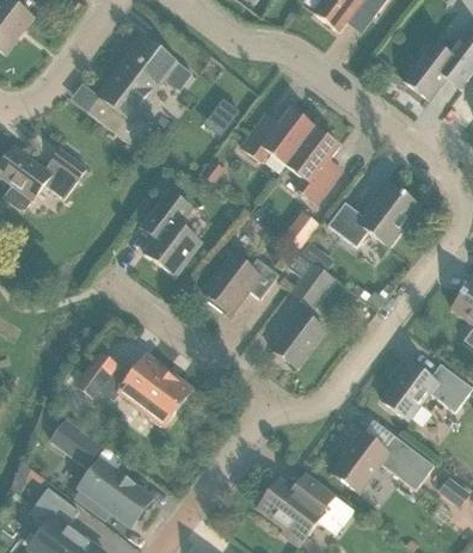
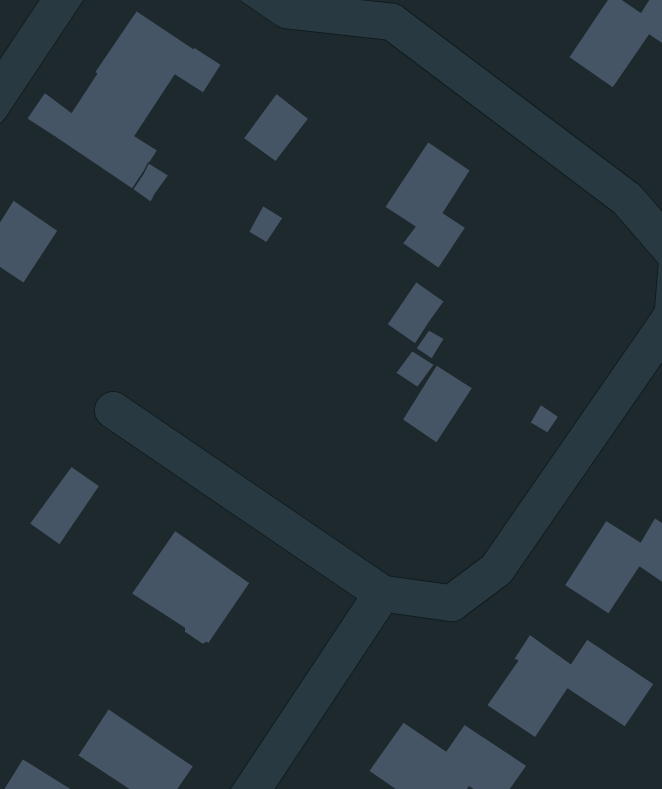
building: [240,107,314,164] -> none
building: [327,183,419,245] -> none
building: [143,190,201,275] -> none
building: [203,253,278,313] -> none
building: [270,309,325,367] -> none
building: [73,350,117,398] -> [29,466,100,545]
building: [49,417,99,456] -> none

